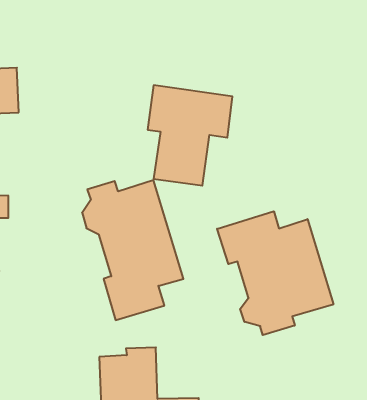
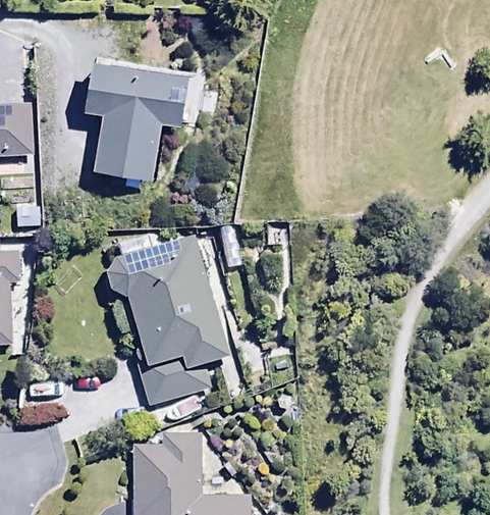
building: [148,85,232,186] -> [89,63,189,183]
building: [217,211,333,335] -> none

